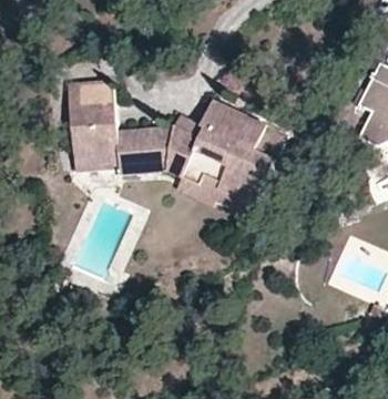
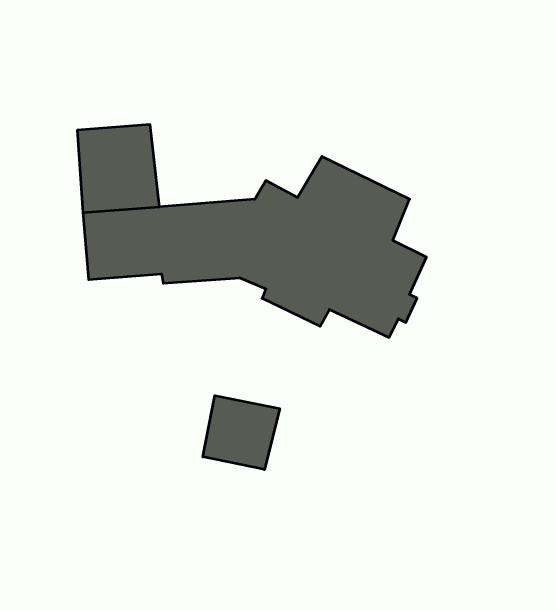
building: none -> [203,396,280,470]

